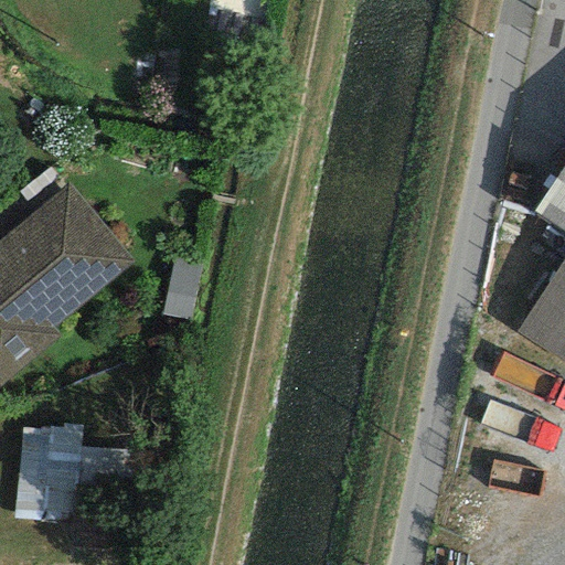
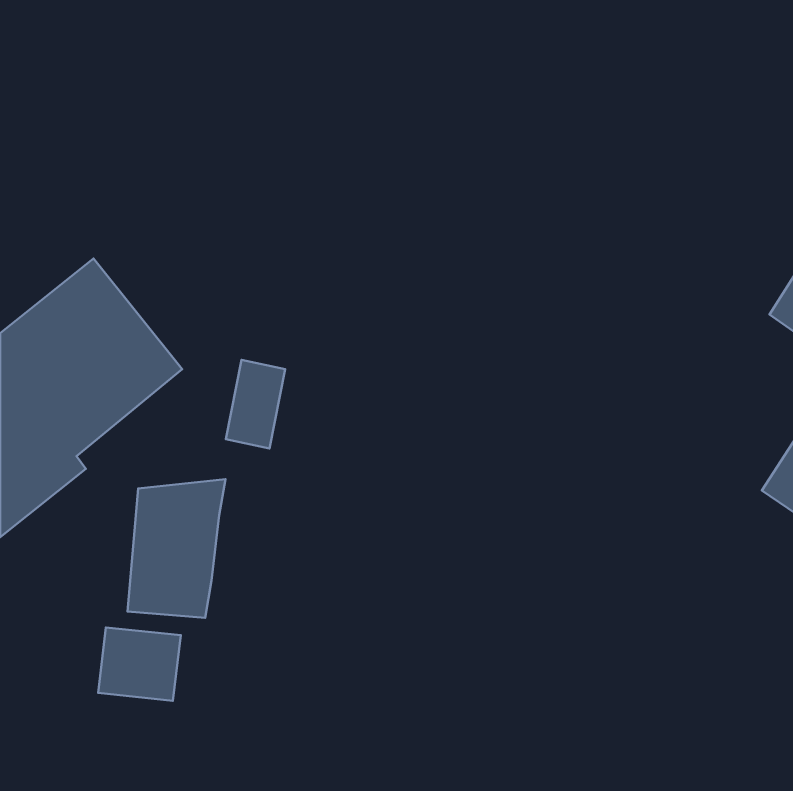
building: [12,419,82,518] -> [127,479,226,618]

